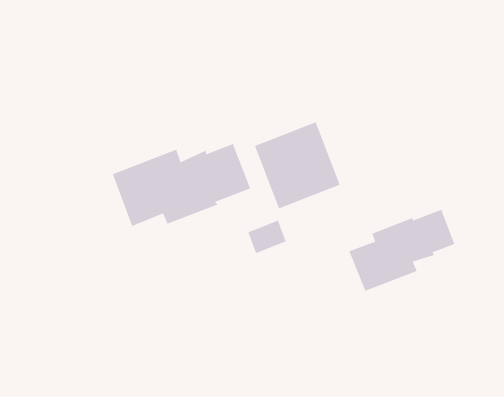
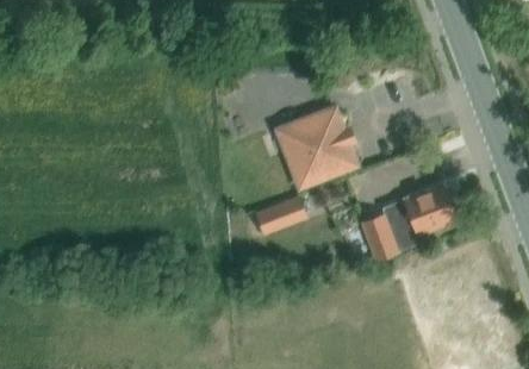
building: [112,143,251,227] -> none

